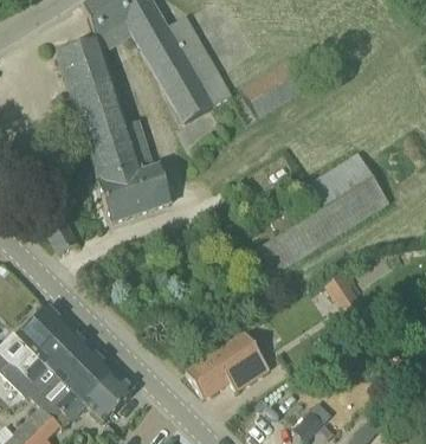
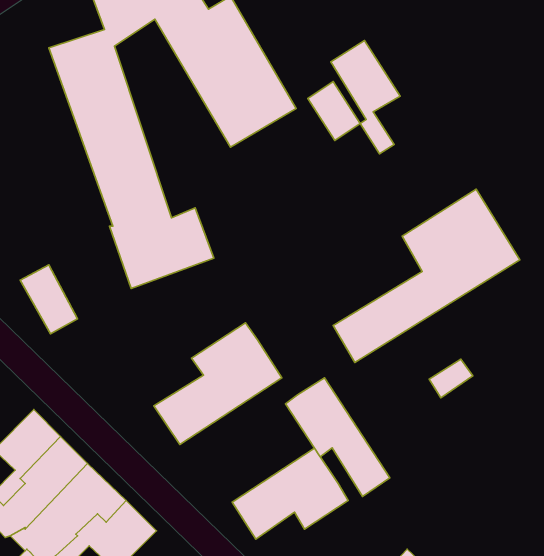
building: none -> [331,40,400,154]
building: none -> [154,323,282,444]
building: none -> [286,378,390,496]

